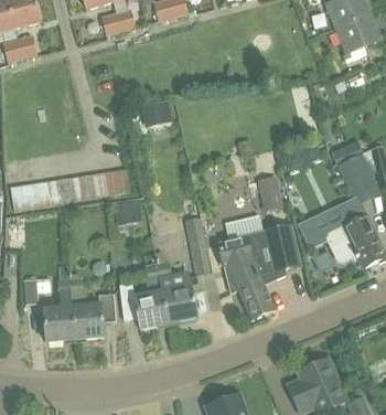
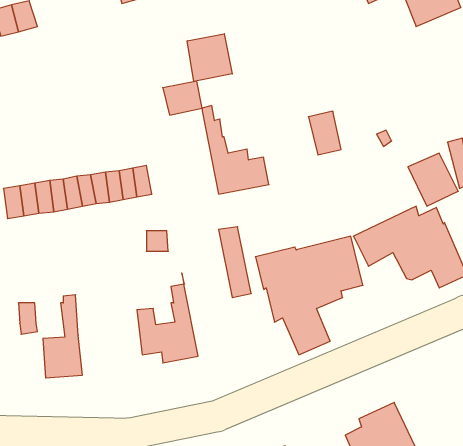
building: none -> [187,34,232,82]
building: [256,173,282,209] -> [308,111,341,155]
building: [154,248,208,320] -> [202,106,269,194]
building: [68,269,114,336] -> none

